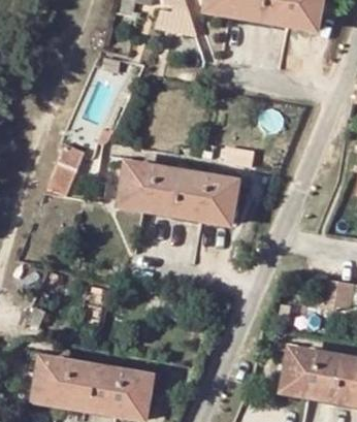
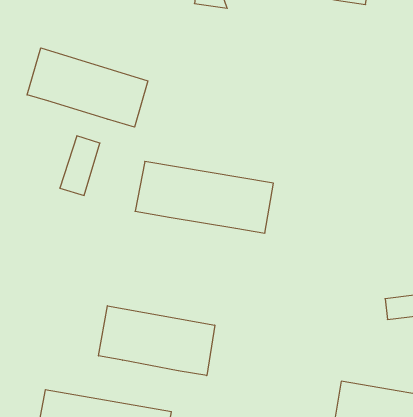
building: none -> [27,48,148,127]
building: none -> [99,306,215,376]

